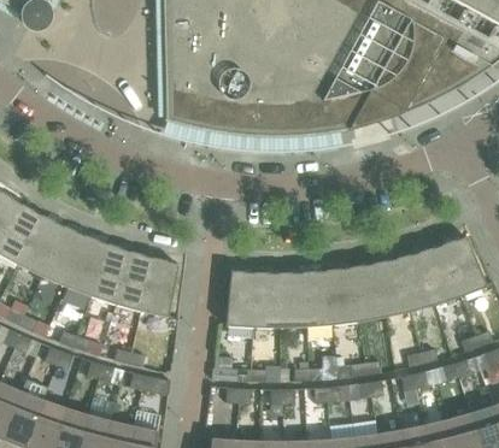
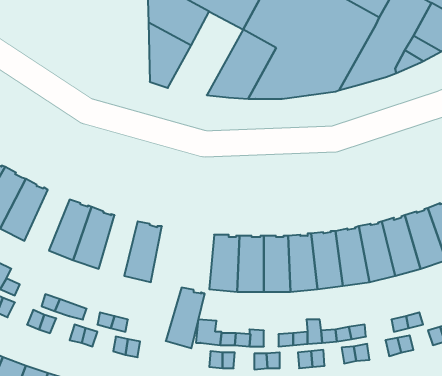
building: [184,49,259,132] -> none
building: [42,226,87,287] -> none
building: [116,252,154,312] -> [166,288,205,348]

